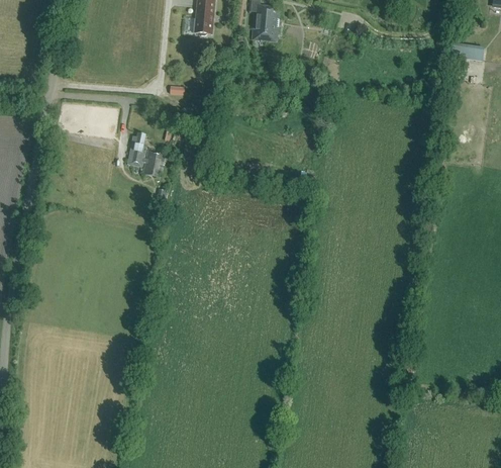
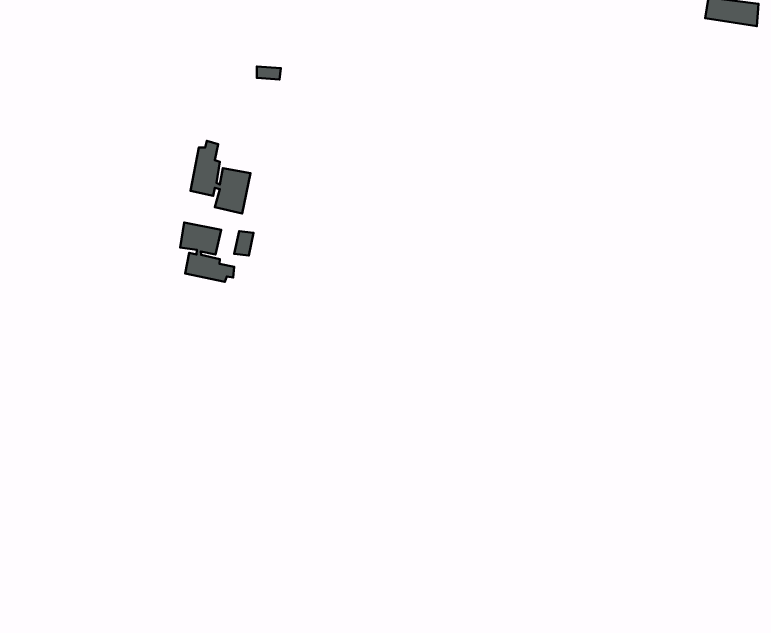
building: none -> [180,222,234,282]

